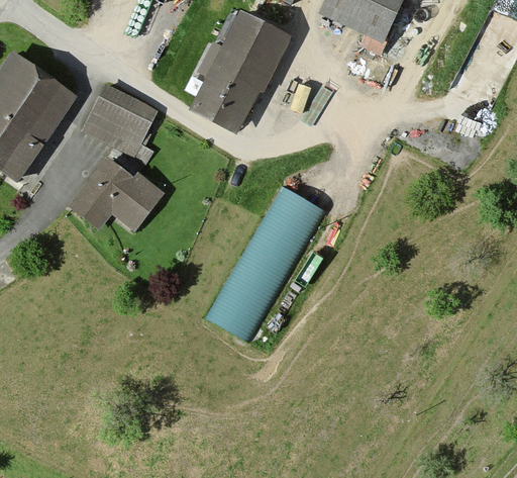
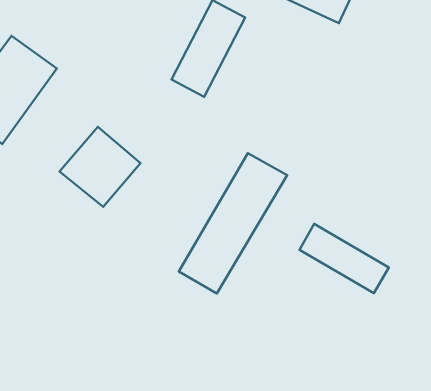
building: [86,86,156,151] -> none
building: none -> [299,224,389,293]

